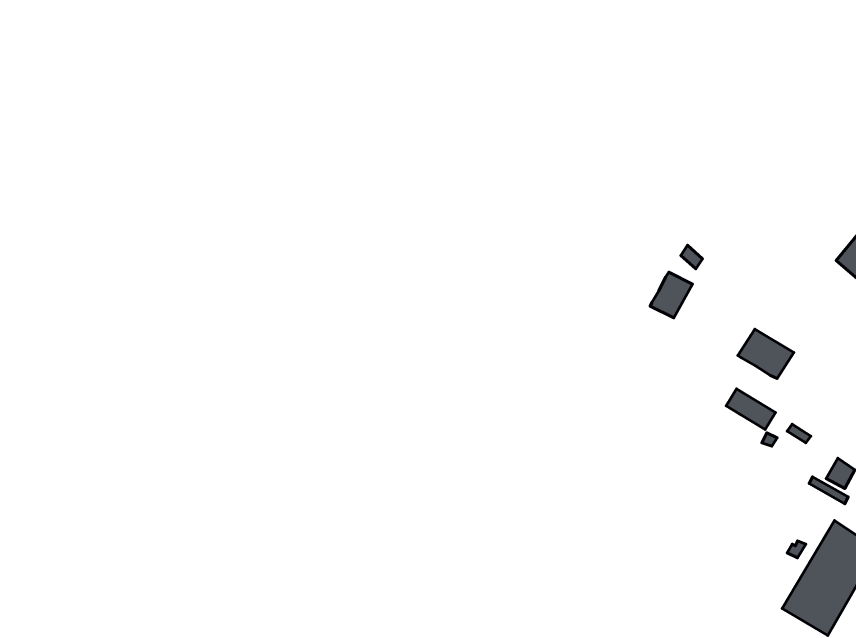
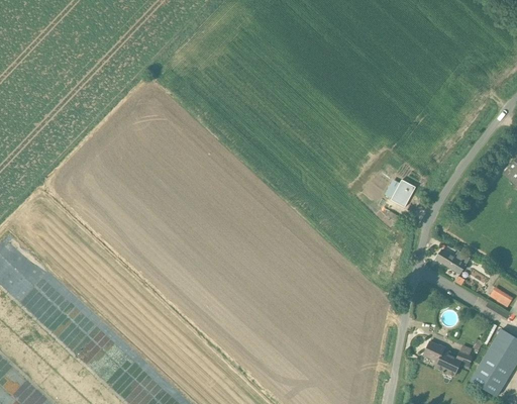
building: [738,329,794,379] -> none
building: none -> [423,340,472,375]

